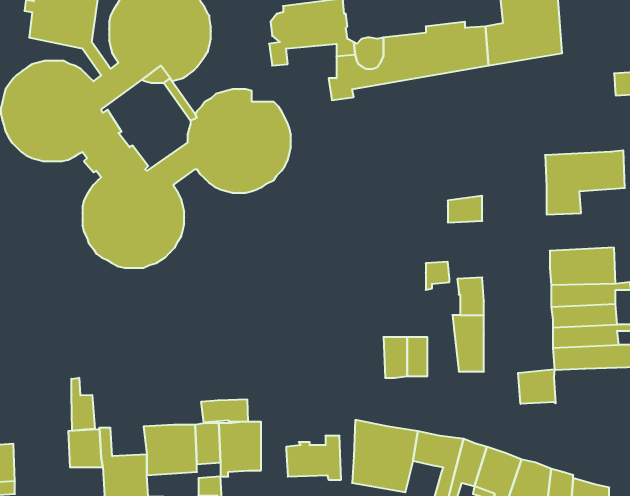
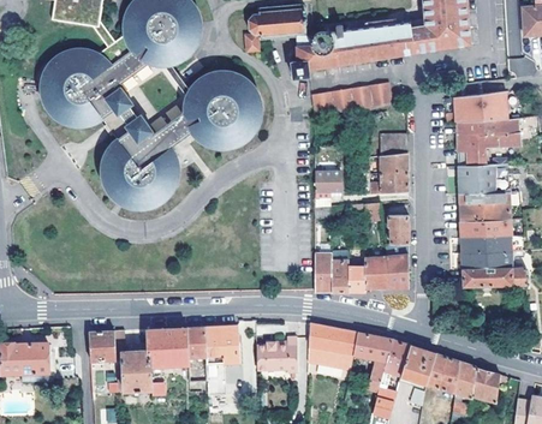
building: none -> [311,83,392,113]
building: none -> [454,90,506,121]
building: none -> [380,133,407,156]
building: none -> [457,165,514,195]
building: none -> [314,171,340,207]
building: none -> [379,172,409,193]
building: none -> [314,250,333,292]
building: none -> [365,256,389,288]
building: [518,369,556,404] -> none
building: [71,378,95,431] -> none
building: [201,399,248,422] -> none

